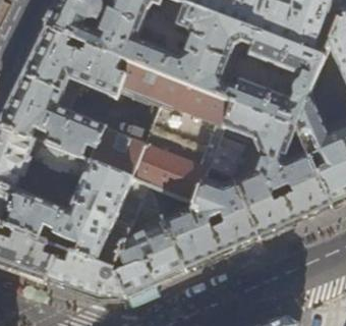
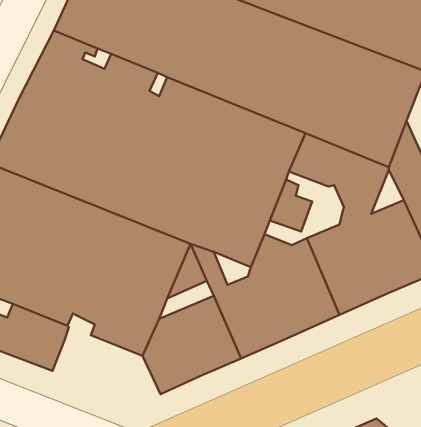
building: [45,252,125,298] -> none

